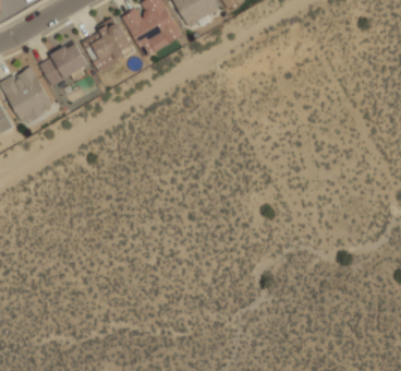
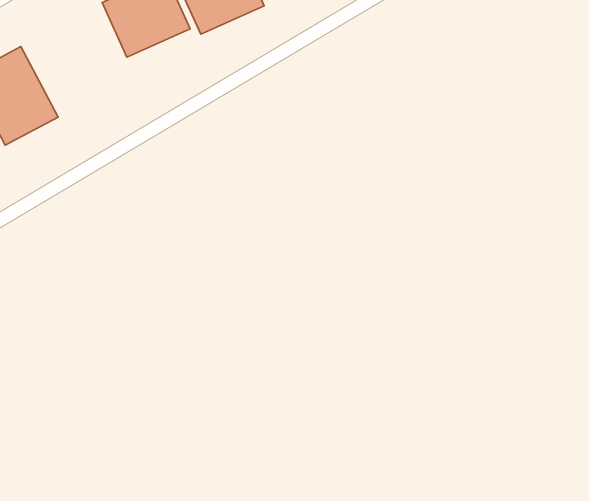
building: [38,43,88,85] -> none

